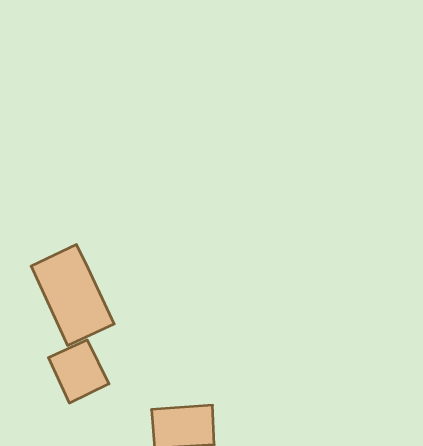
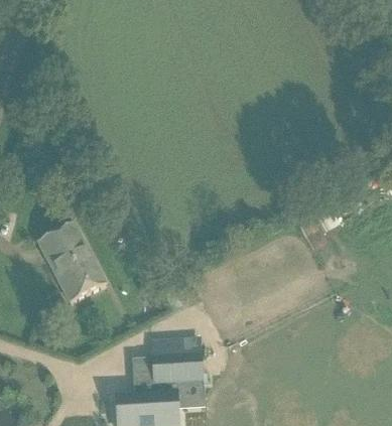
building: [48,340,109,403] -> none

